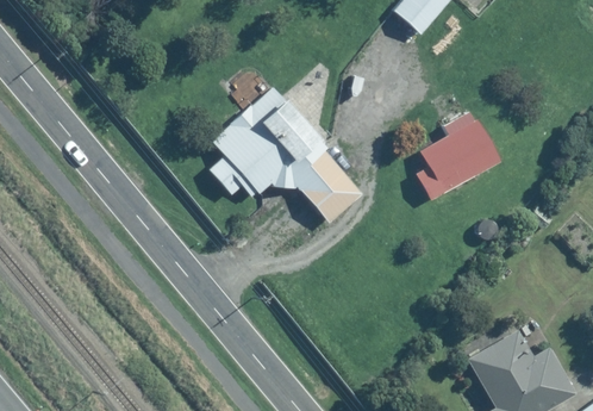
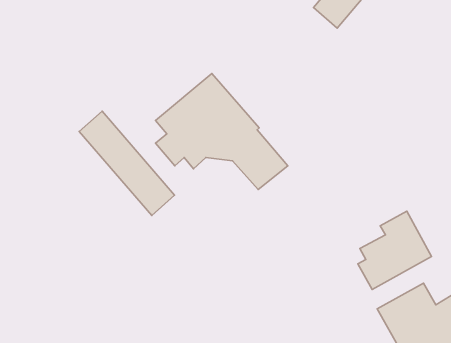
building: [416,108,501,199] -> [358,211,432,289]
building: none -> [79,111,175,216]

